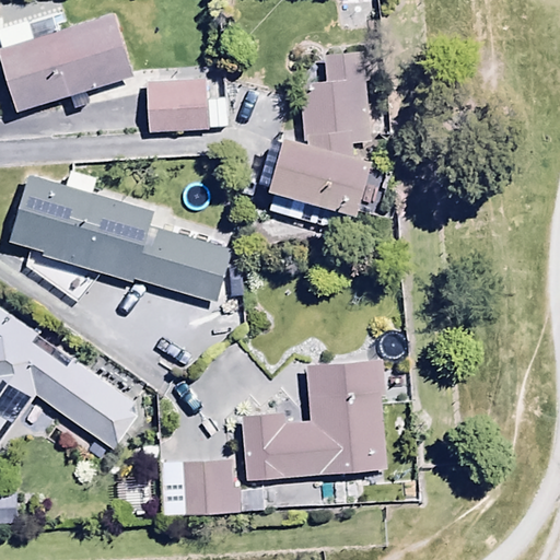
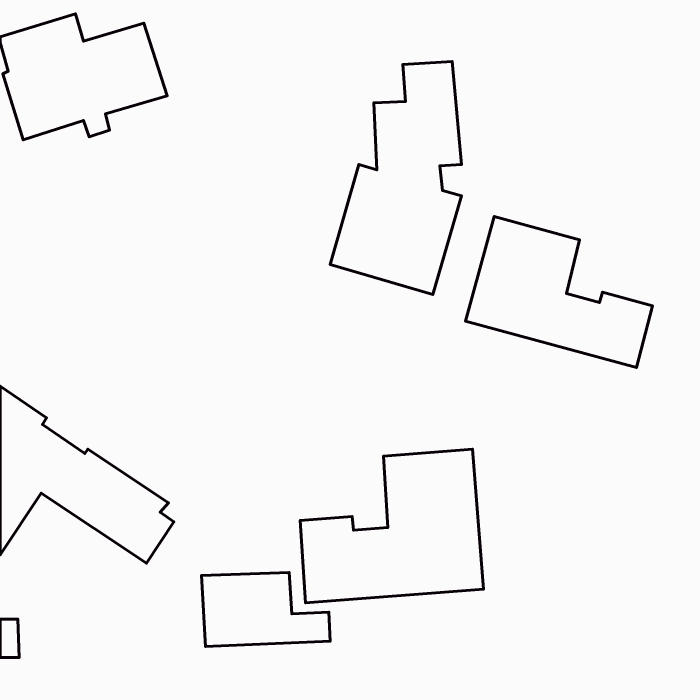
building: [145,79,226,136] -> none
building: [9,171,231,303] -> none
building: none -> [466,217,652,367]

